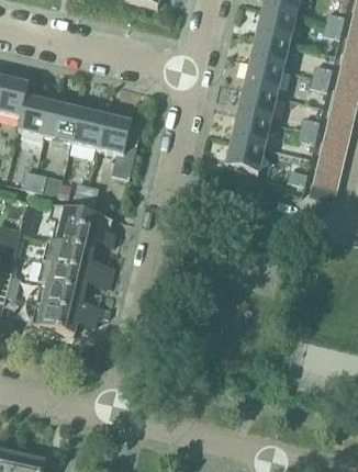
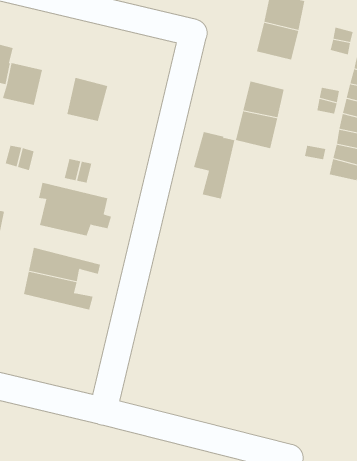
building: [238,88,276,122] -> none
building: [46,104,82,144] -> none
building: [103,119,141,179] -> [193,132,235,199]
building: [45,243,109,278] -> none
building: [31,304,96,334] -> none

